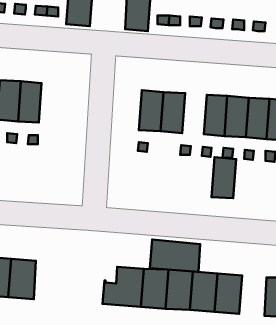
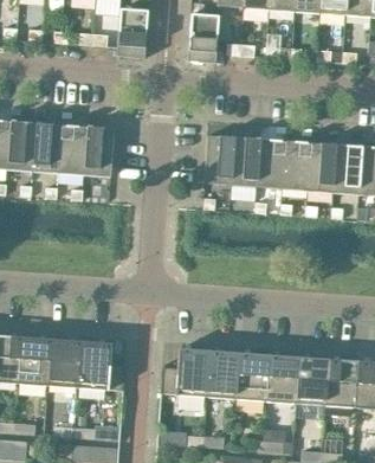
building: none -> [83,127,114,176]
building: [212,157,236,198] -> [256,139,285,188]
building: [150,239,200,272] -> none
building: none -> [77,341,124,391]
building: none -> [324,359,357,407]

